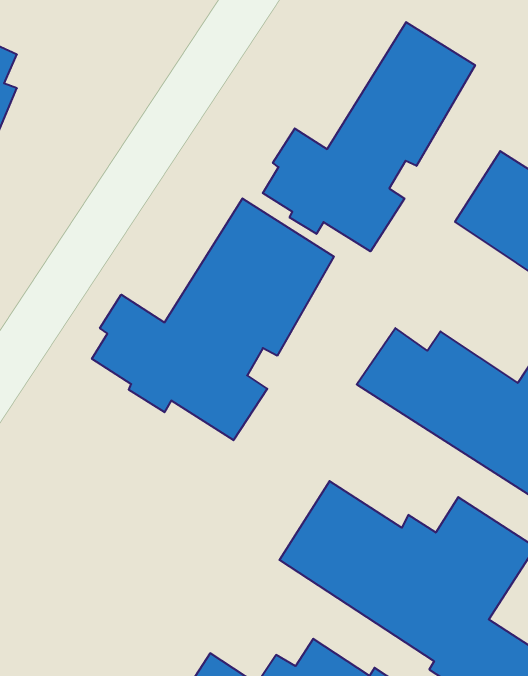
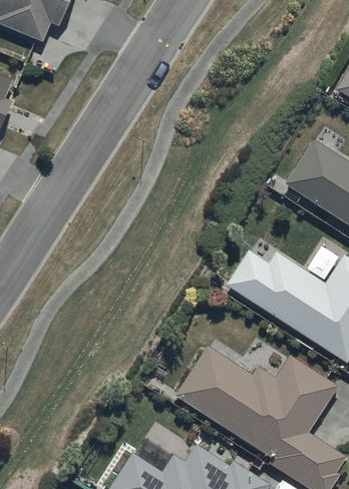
building: [263,22,475,251] -> none
building: [92,198,334,440] -> none

